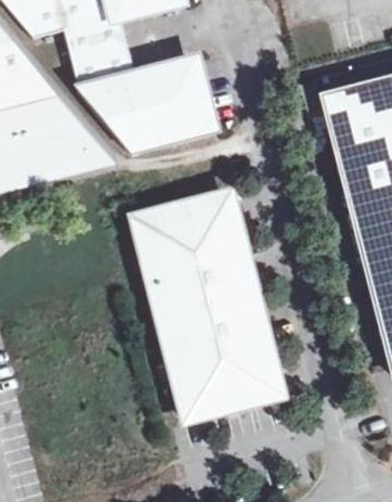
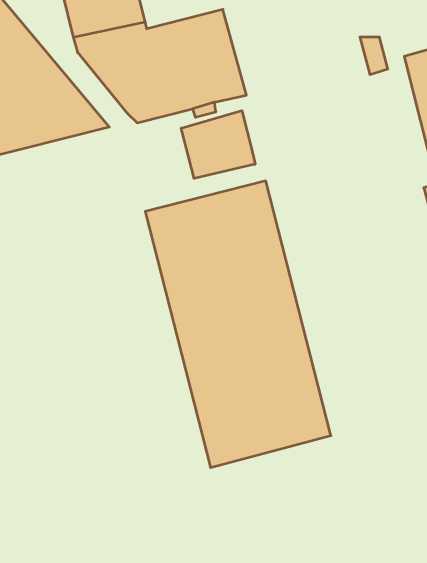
building: none -> [181,111,255,178]

